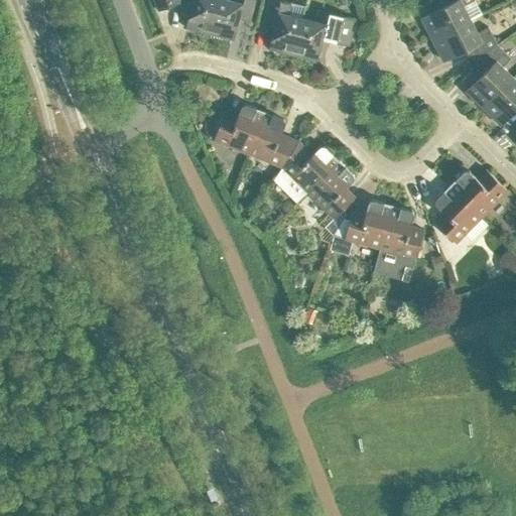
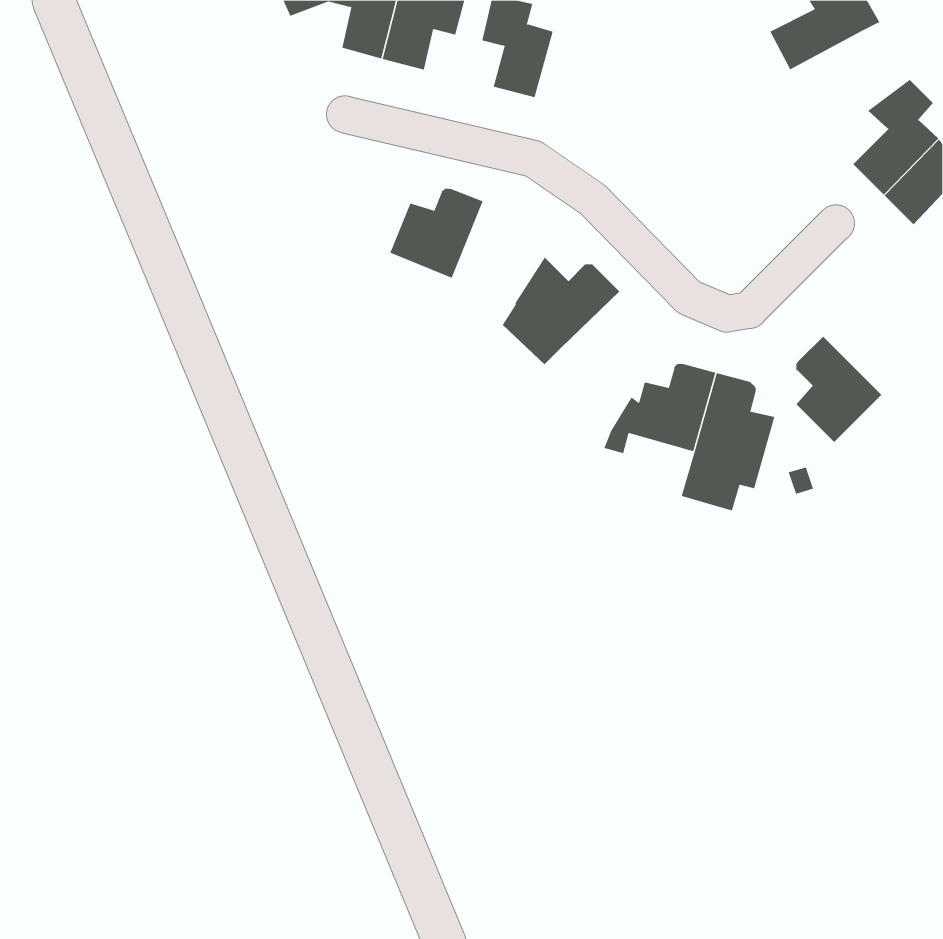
building: [292,11,355,61] -> none
building: [431,14,497,62] -> none
building: [247,112,297,167] -> none
building: [306,161,354,237] -> none
building: [449,170,507,218] -> none

